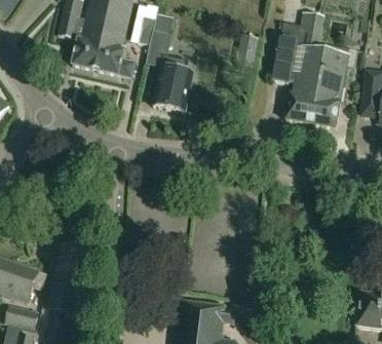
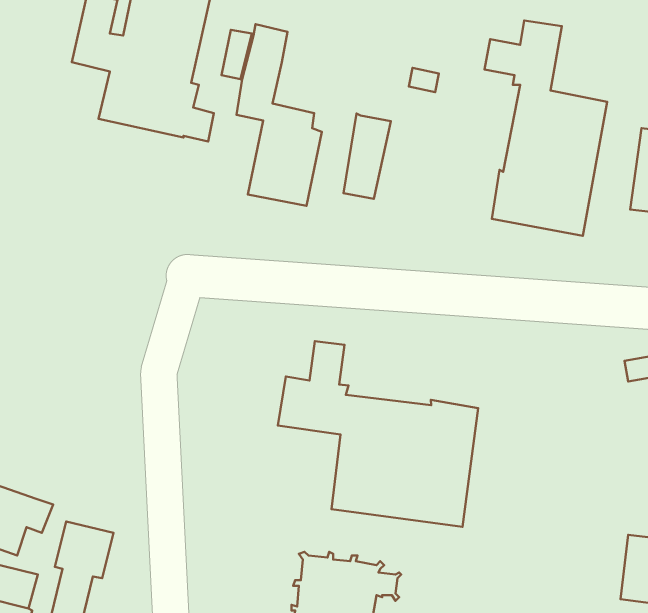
building: [272,37,298,83] -> [343,114,391,199]
building: none -> [278,341,478,527]

